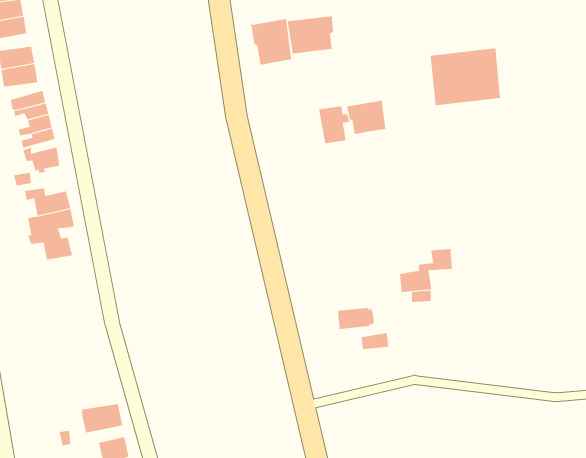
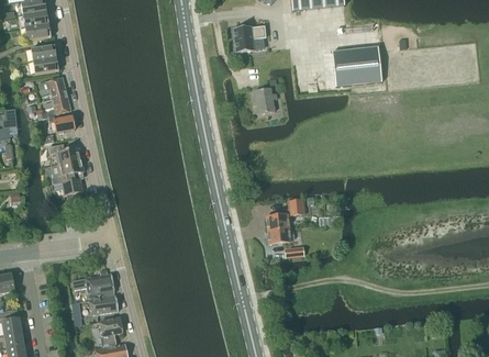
building: [250,18,292,66] -> none
building: [347,100,386,135] -> none
building: [399,249,453,293] -> [266,199,303,230]
building: none -> [71,272,114,298]

